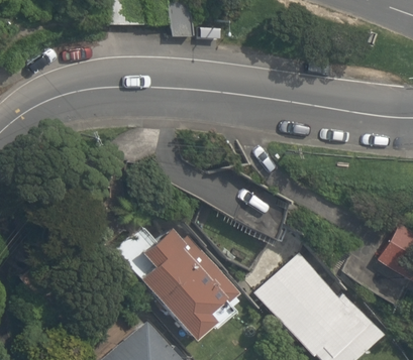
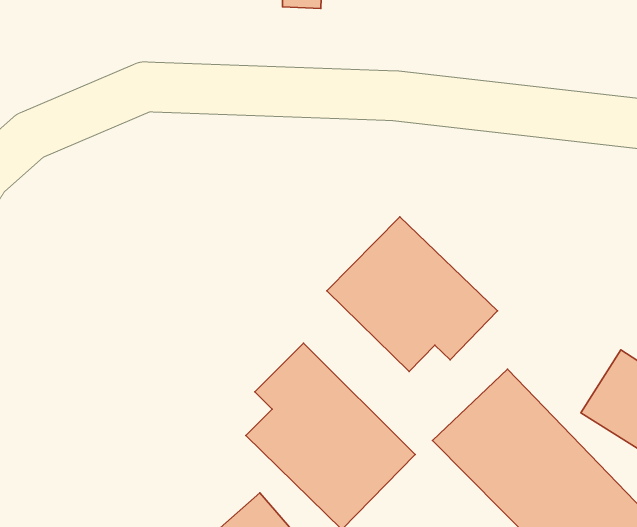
building: none -> [327,217,498,372]

